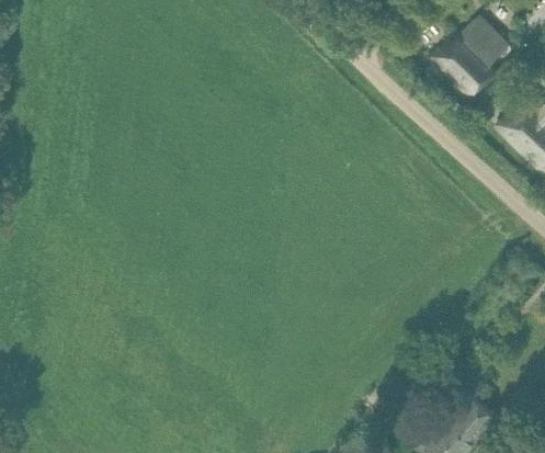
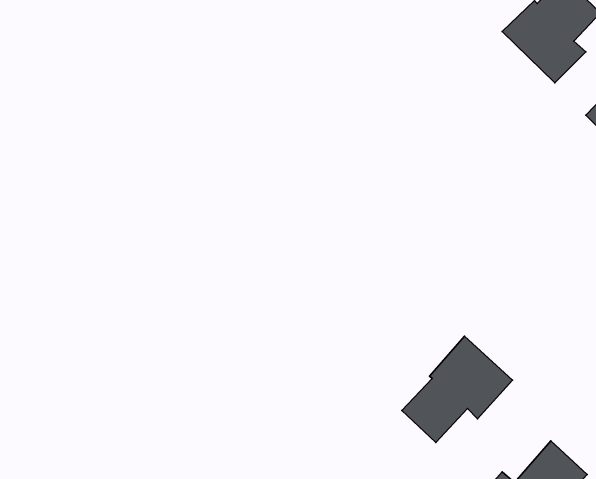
building: none -> [402,336,513,442]

